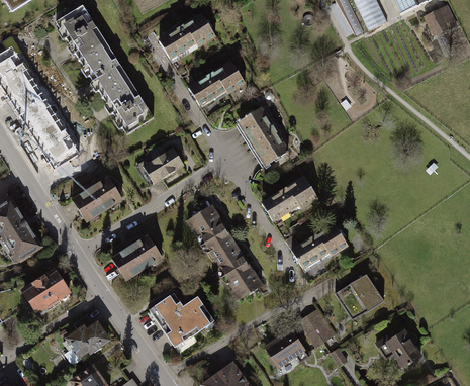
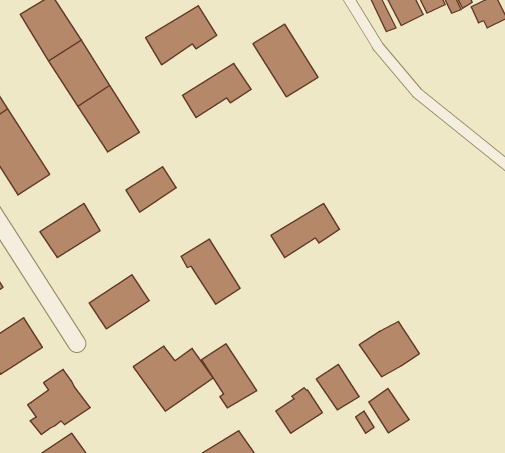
building: [234,107,288,167] -> [253,24,318,97]
building: [290,222,348,267] -> none
building: [215,246,261,298] -> [202,344,257,408]
building: [387,329,420,366] -> [369,389,409,433]

